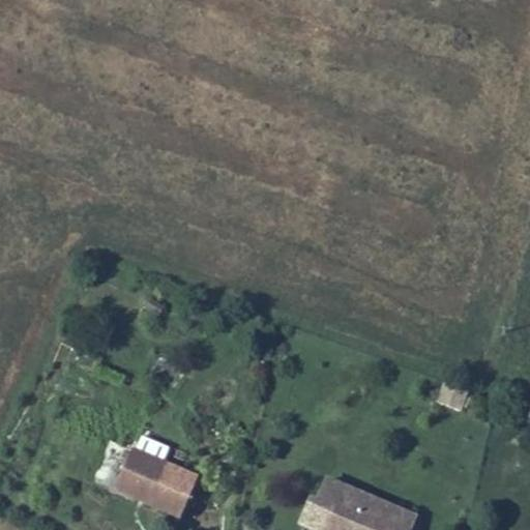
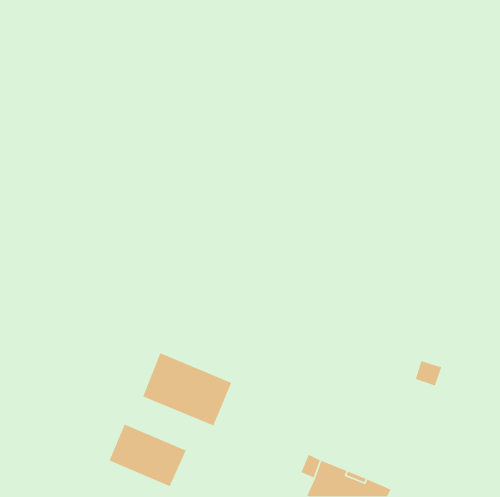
building: none -> [142,352,232,426]

